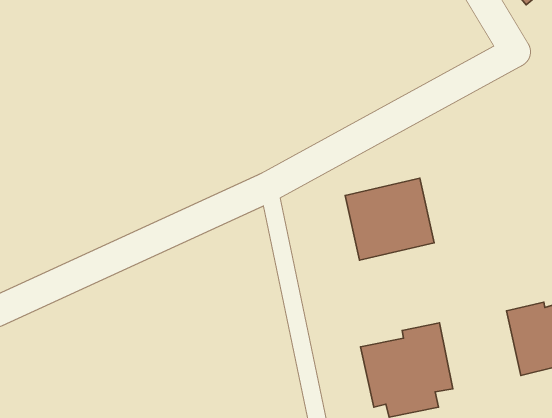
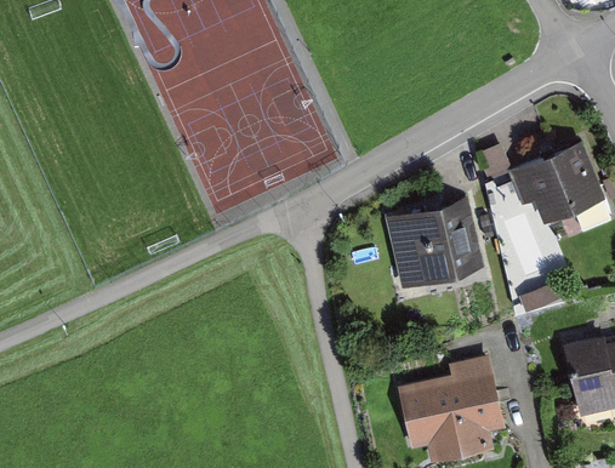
building: none -> [511,145,604,223]

